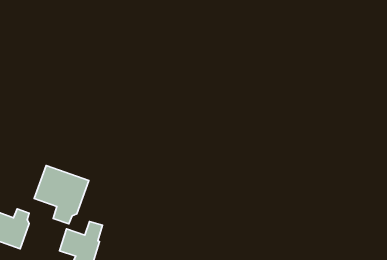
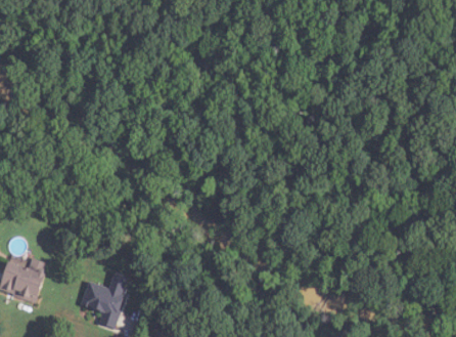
building: [34,166,89,224] -> none

